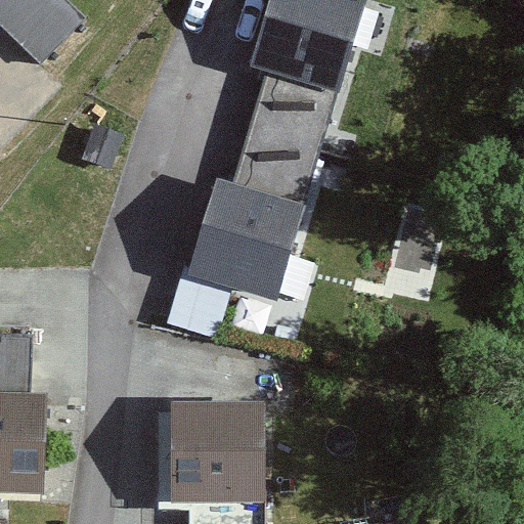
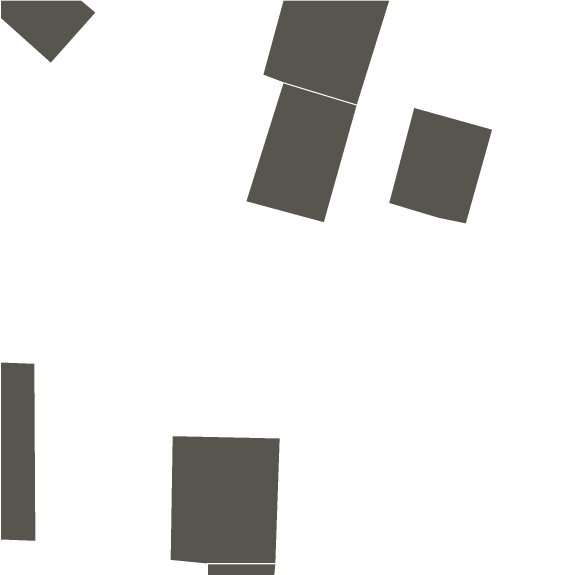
building: none -> [388,107,493,224]
building: [179,178,302,305] -> none

